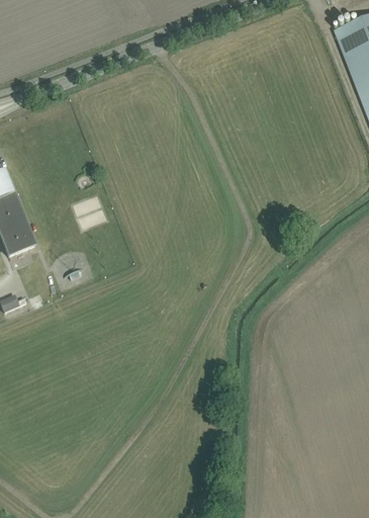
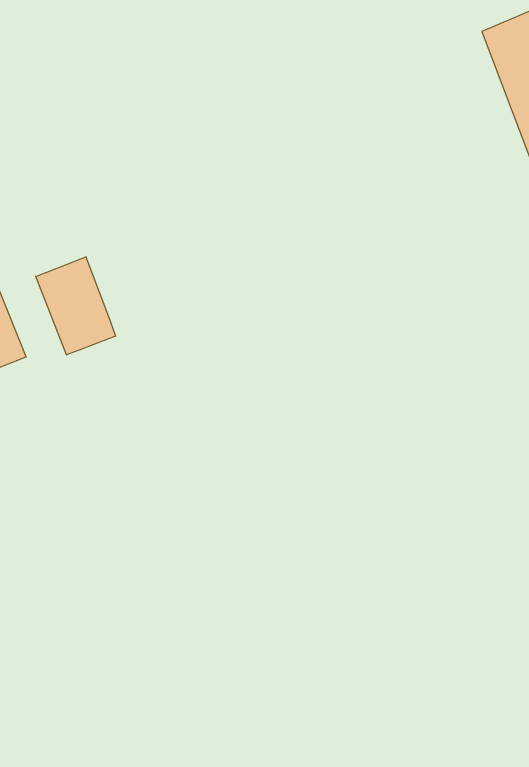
building: none -> [36,257,115,355]

